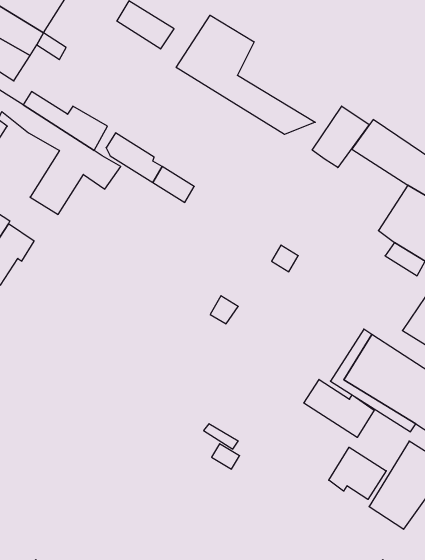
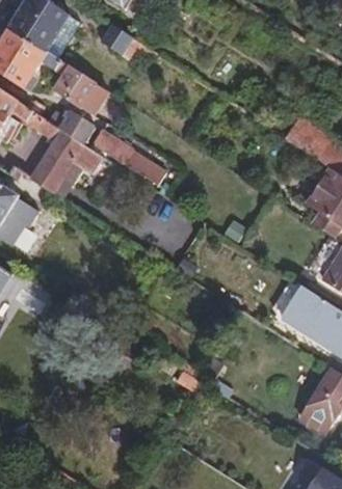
building: [176,15,315,134] -> none
building: none -> [56,63,115,115]
building: [312,106,369,168] -> none
building: [304,379,374,437] -> none
building: [329,447,386,499] -> none

